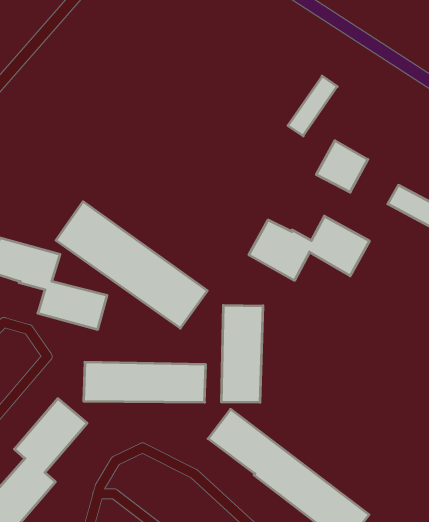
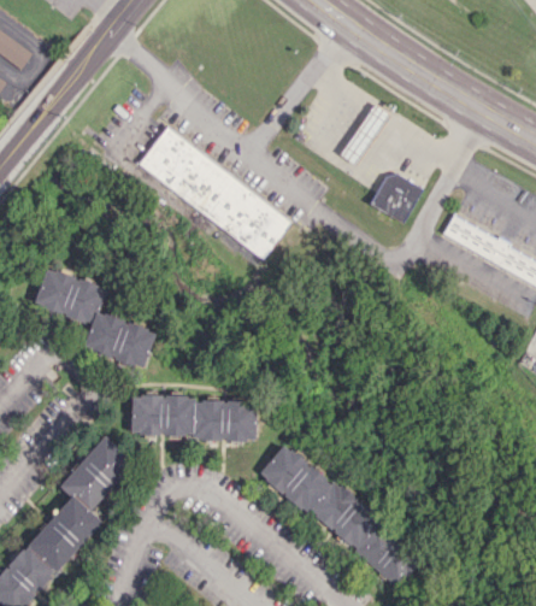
building: [56,202,207,328] -> [137,128,293,258]
building: [249,216,369,280] -> none
building: [221,305,263,402] -> none

